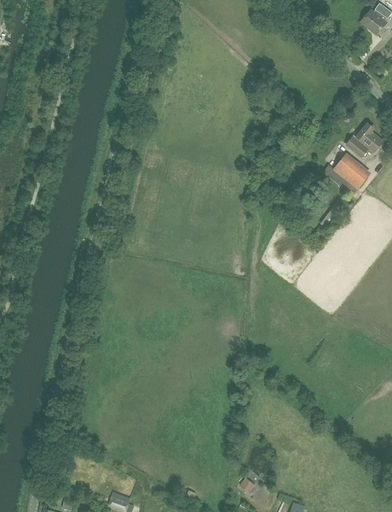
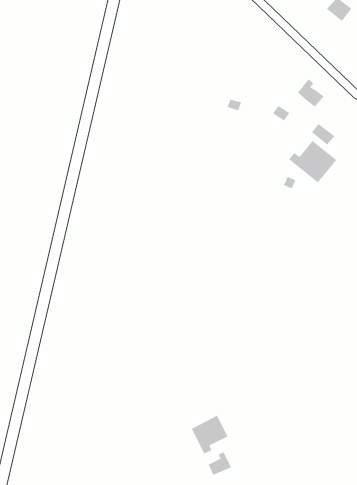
building: [356,122,383,151] -> [297,78,324,107]
building: none -> [191,415,228,455]

